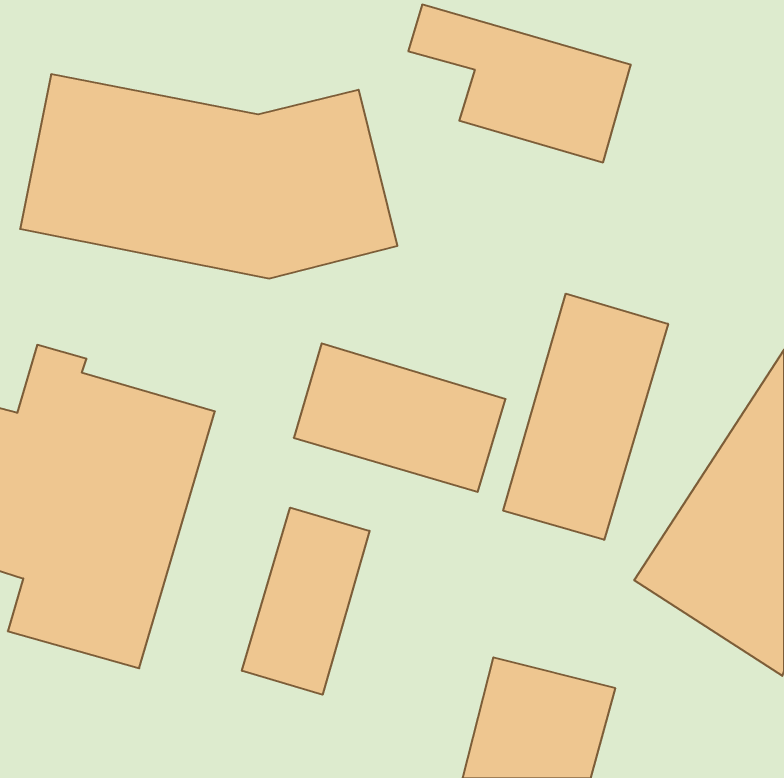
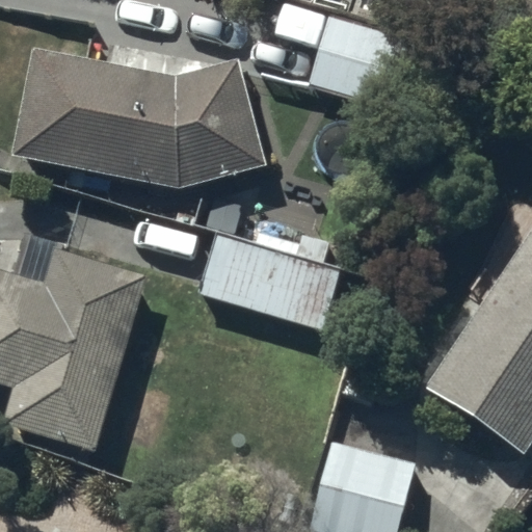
building: [503,294,668,540] -> none
building: [242,508,370,695] -> none

